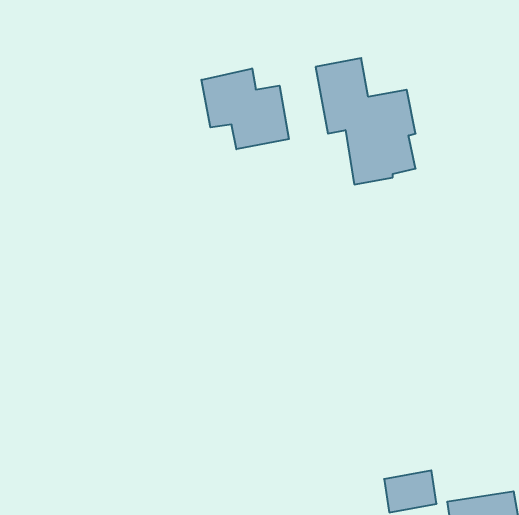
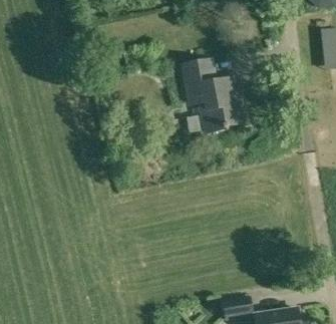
building: [201,68,289,149] -> none

